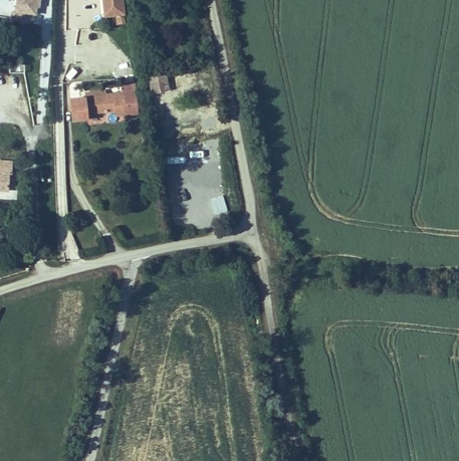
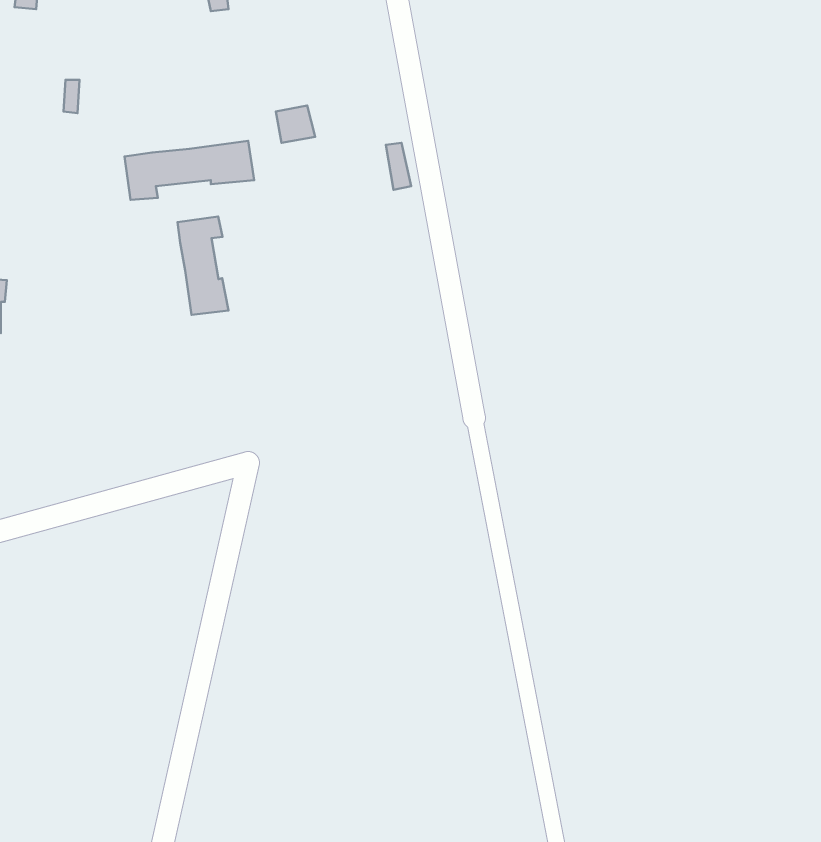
building: none -> [178,216,228,315]

